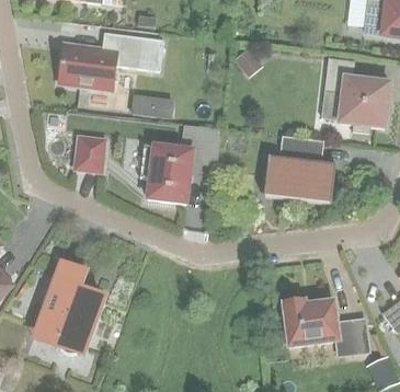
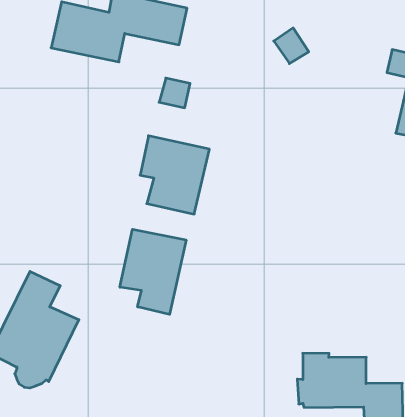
building: [72,134,105,172] -> none
building: [264,134,336,204] -> none
building: none -> [120,229,186,314]

